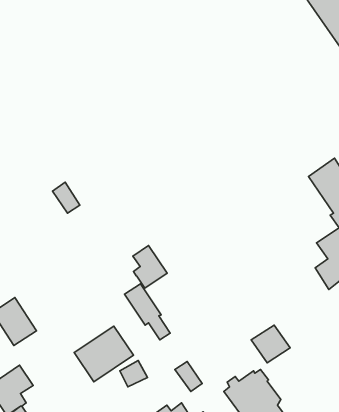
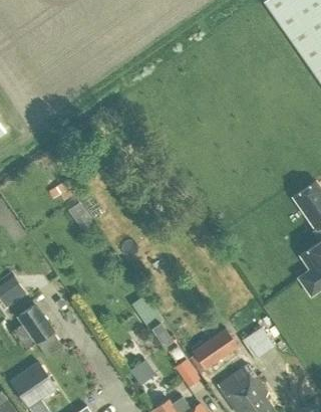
building: [133,245,167,288] -> none
building: [74,326,134,382] -> none
building: none -> [193,331,239,372]

